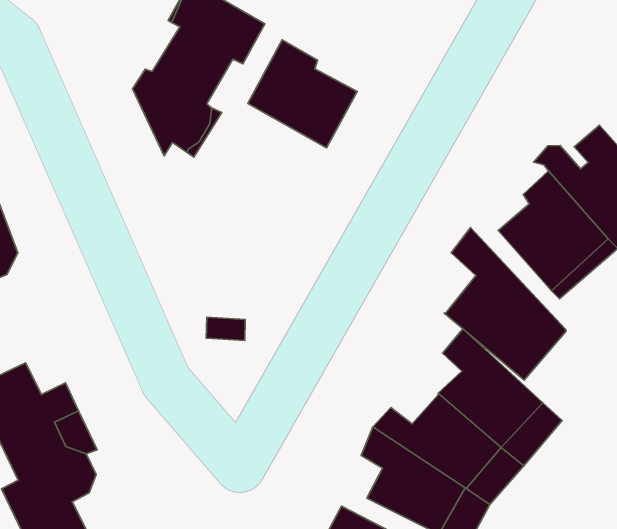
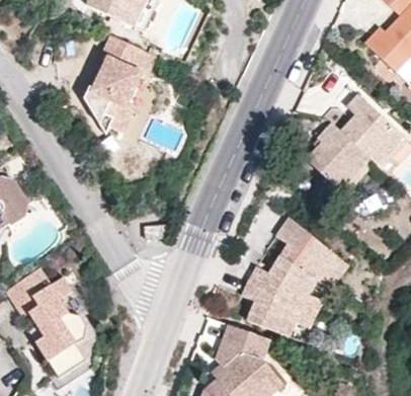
building: [248,40,357,148] -> none
building: [444,227,566,380] -> none

